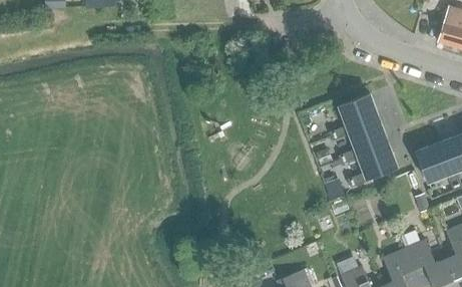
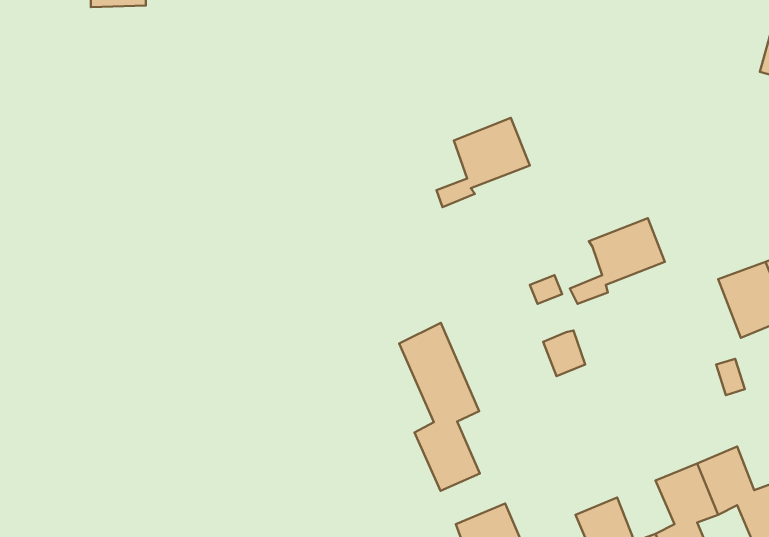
building: [330,93,379,140] -> [437,118,530,207]
building: [347,141,397,188] -> none
building: none -> [399,323,480,491]

